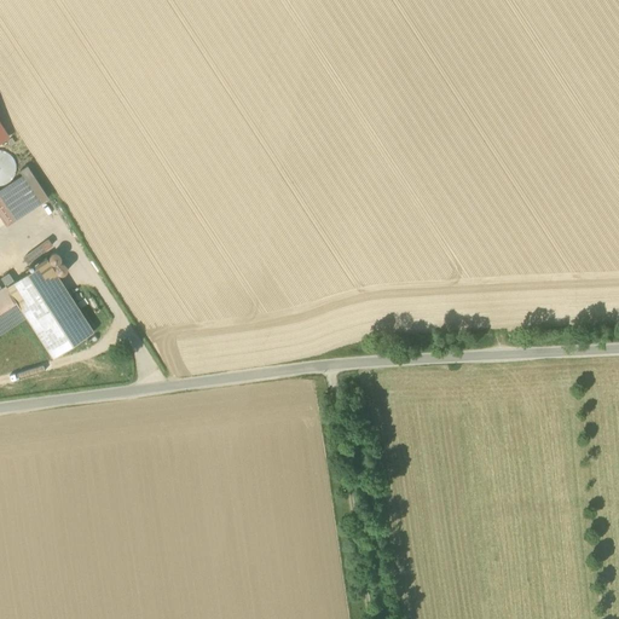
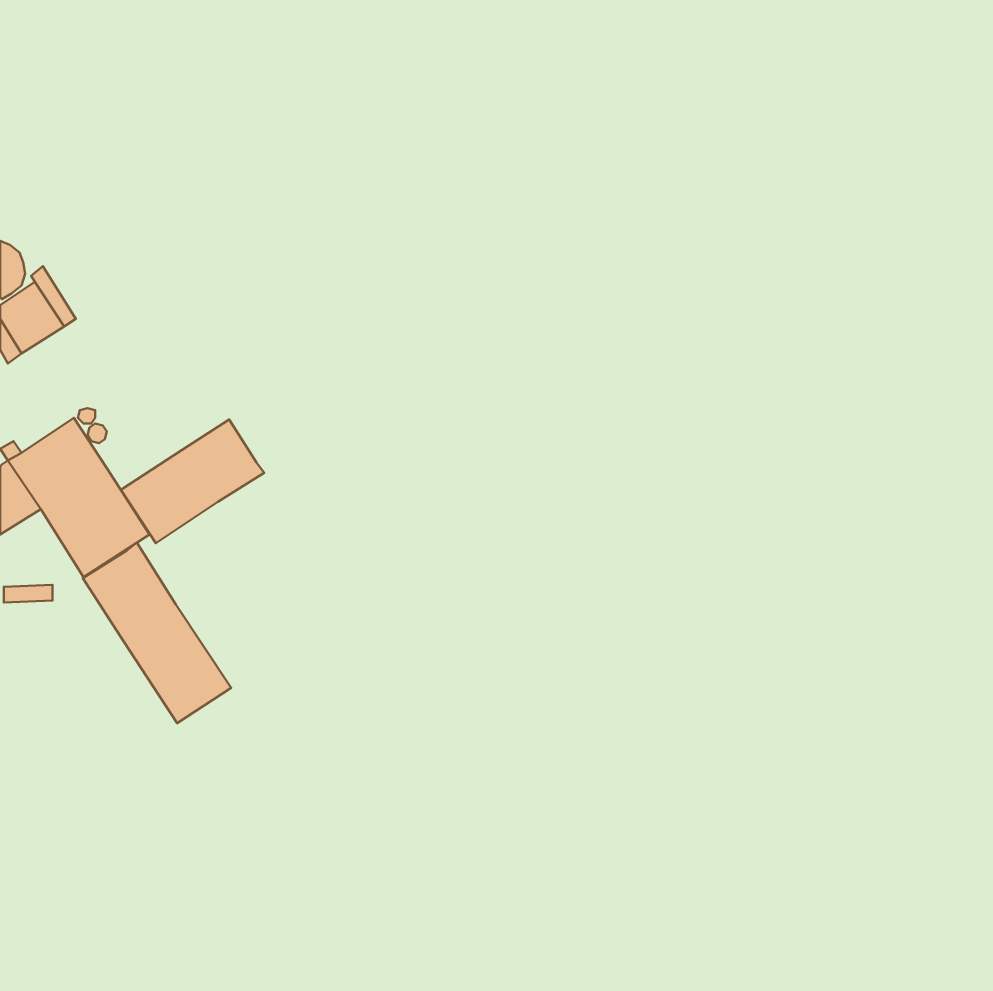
building: none -> [121,419,264,543]
building: none -> [83,543,231,723]

